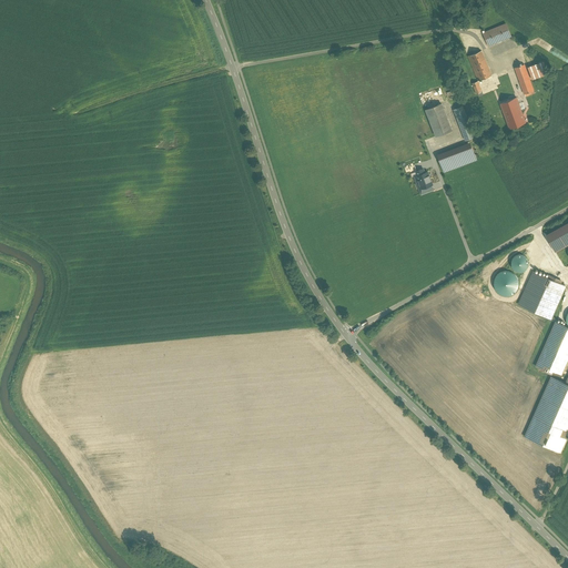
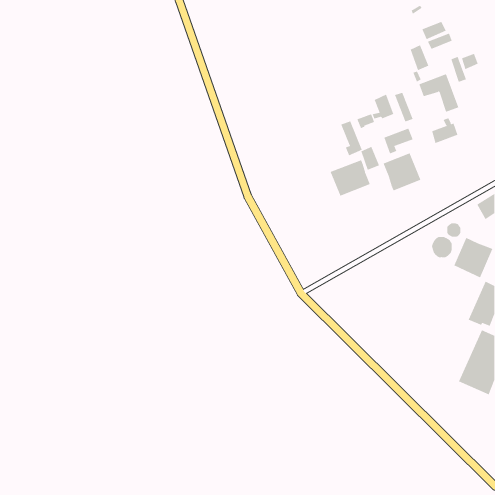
building: none -> [432,118,458,144]
building: none -> [340,121,362,156]
building: none -> [383,152,421,191]
building: none -> [330,159,371,197]

